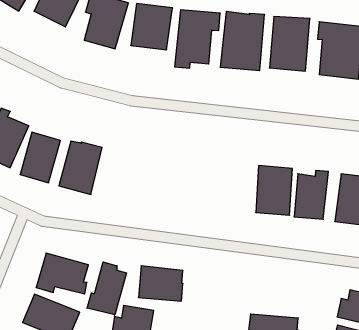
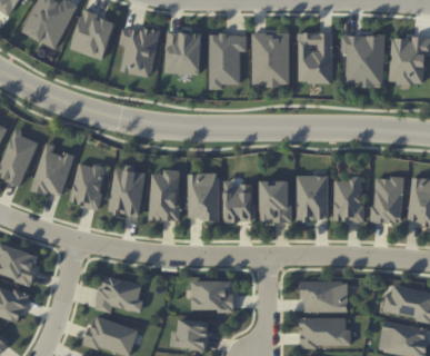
building: none -> [149,169,180,220]
building: none -> [188,174,219,220]
building: none -> [223,180,253,221]
building: none -> [260,180,290,221]
building: [87,262,127,315] -> none
building: none -> [301,280,348,313]

